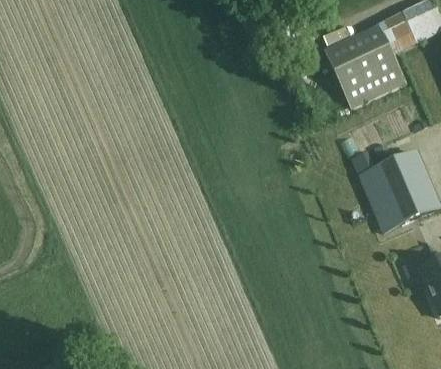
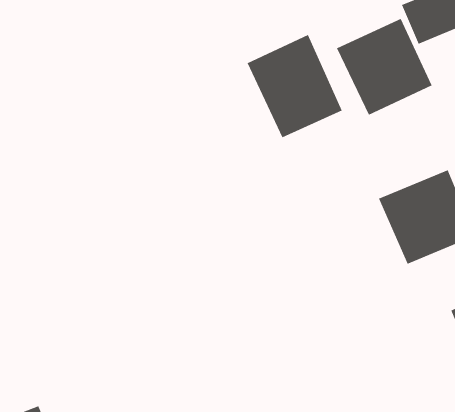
building: none -> [247,34,343,138]

